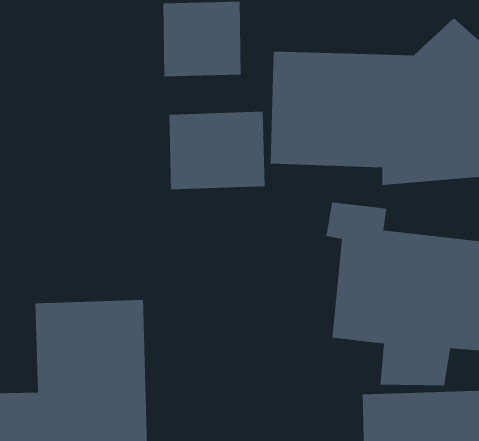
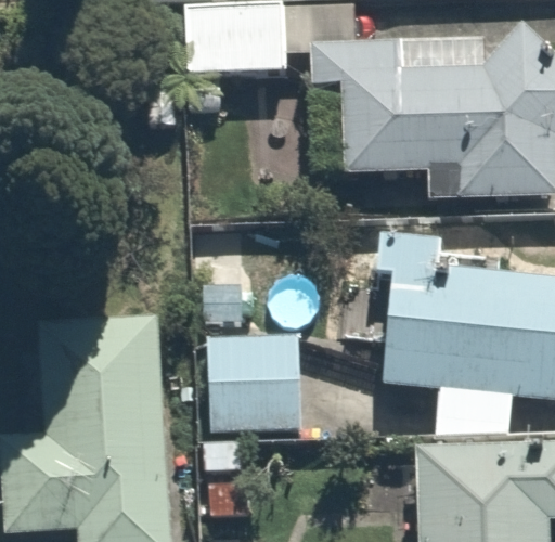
building: [168,111,265,190] -> none
building: none -> [206,331,301,429]

